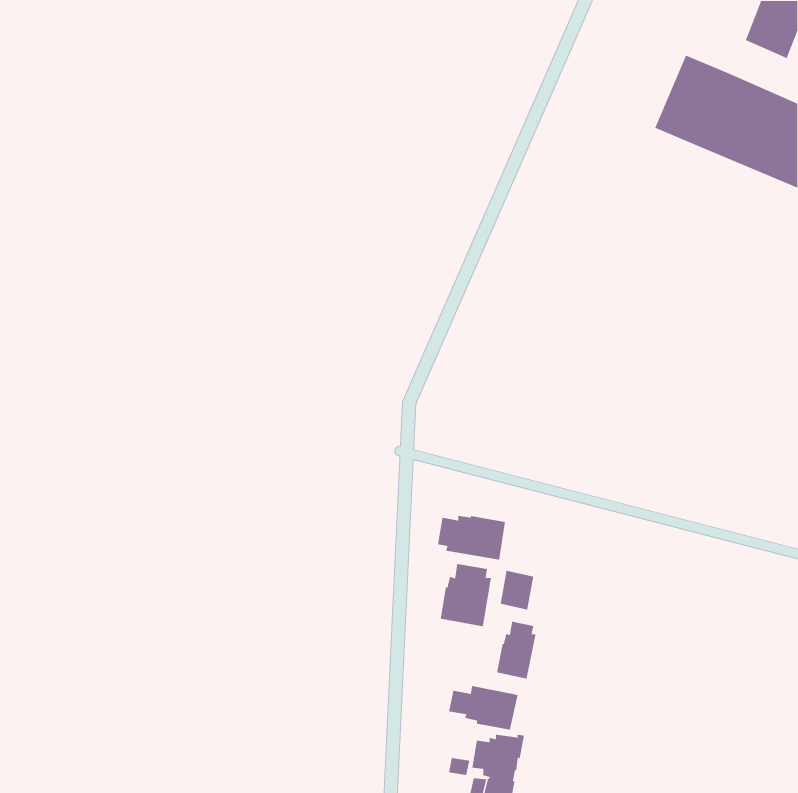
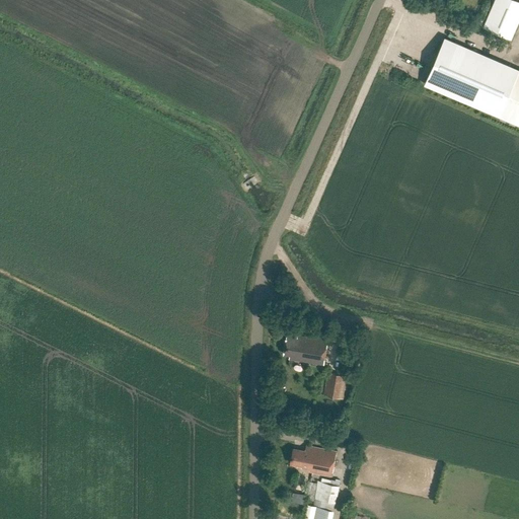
building: [440,563,492,627] -> none
building: [496,621,536,679] -> none

